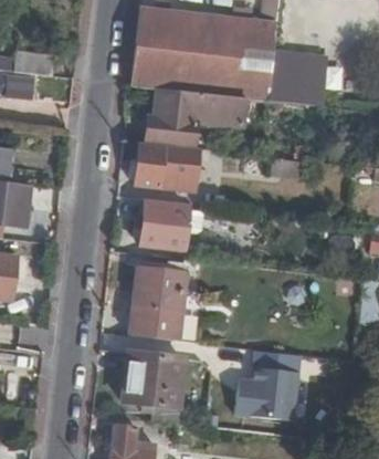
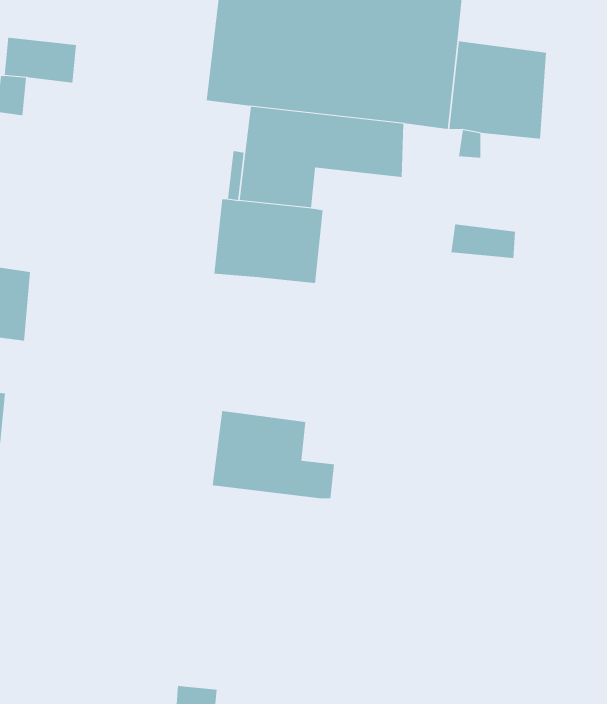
building: [141,201,191,251] -> none
building: [131,307,202,343] -> none
building: [234,348,297,416] -> none
building: [125,353,183,415] -> none

